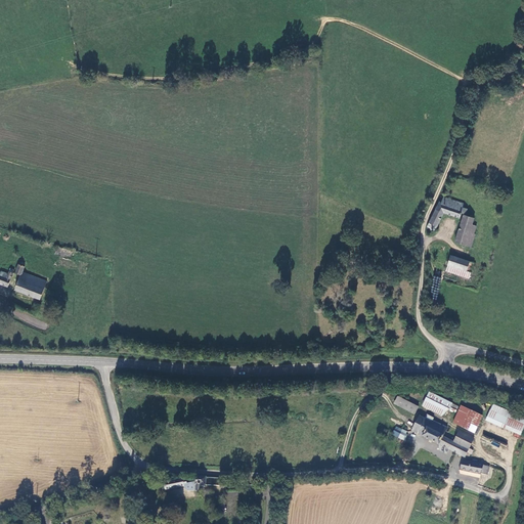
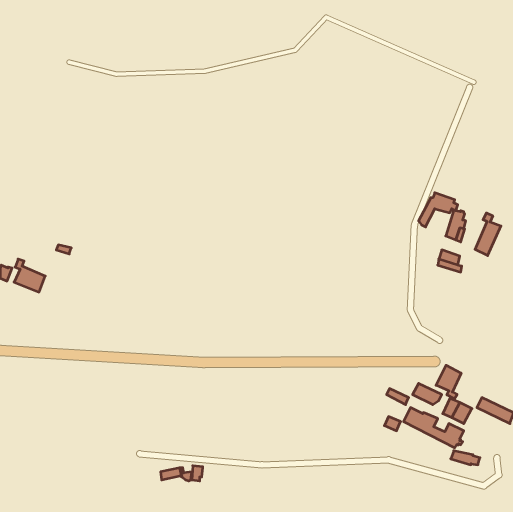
building: none -> [475,213,501,256]
building: none -> [436,365,461,399]

